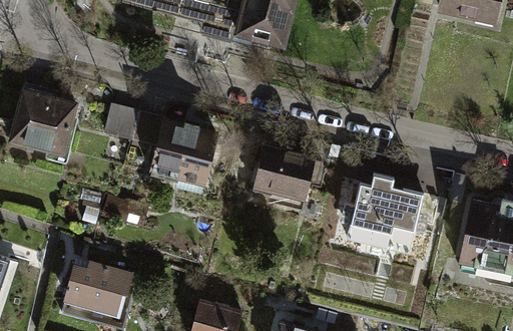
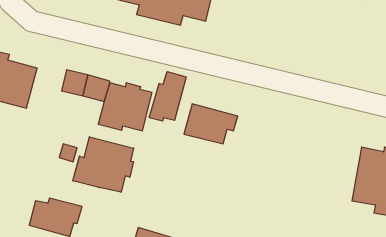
building: none -> [149,72,186,121]
building: [348,175,424,254] -> none
building: none -> [73,137,134,192]

